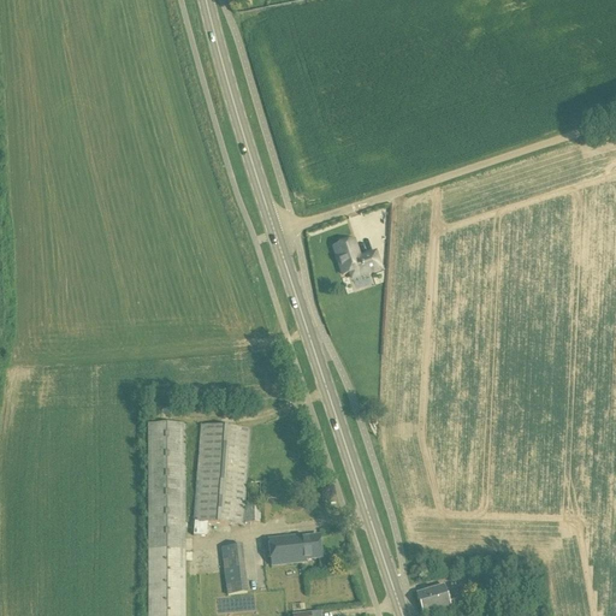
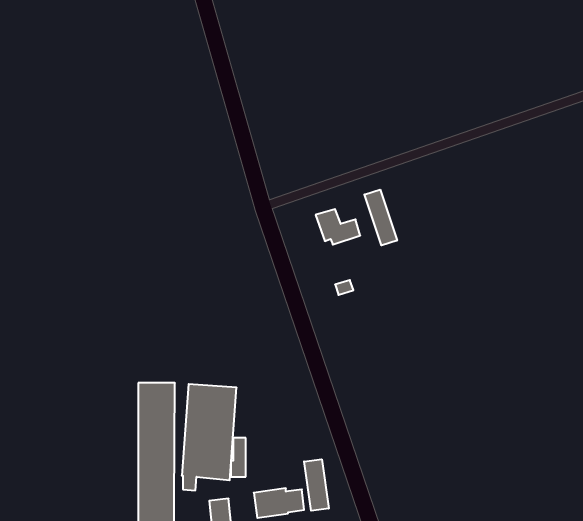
building: none -> [364,190,397,245]
building: none -> [304,459,329,511]

